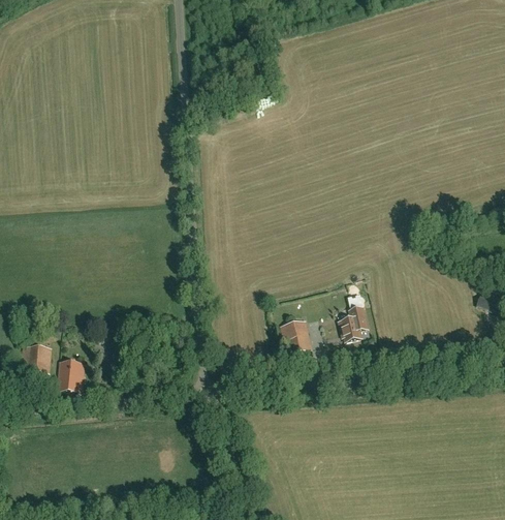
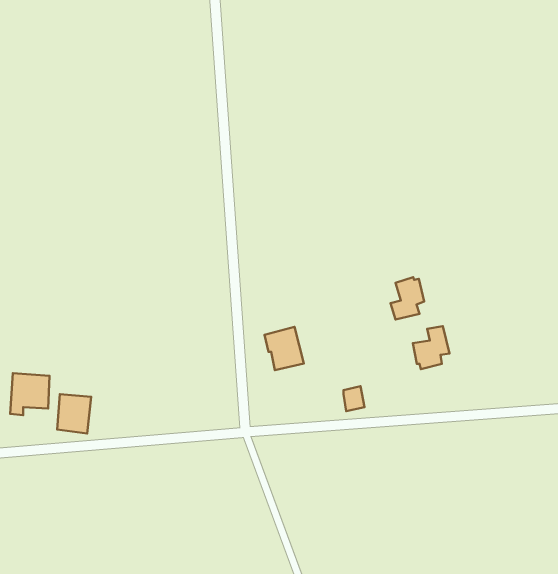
building: none -> [391,277,424,320]
building: [281,318,312,353] -> [264,327,304,370]

